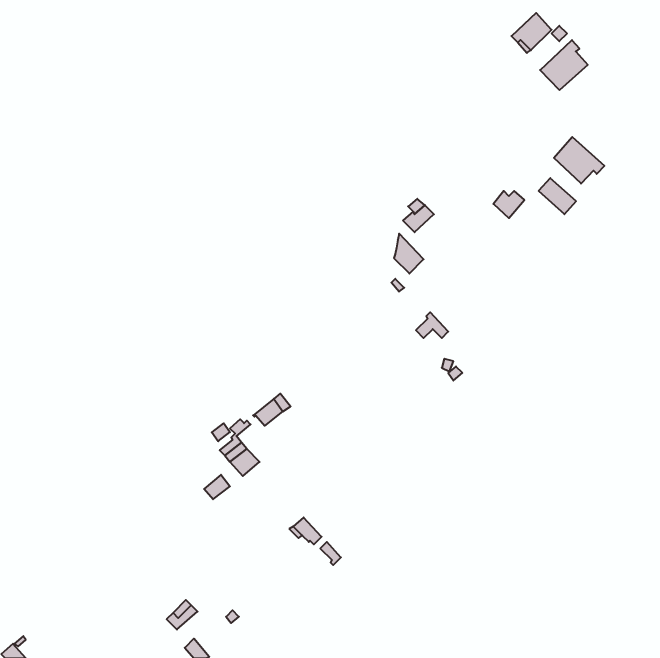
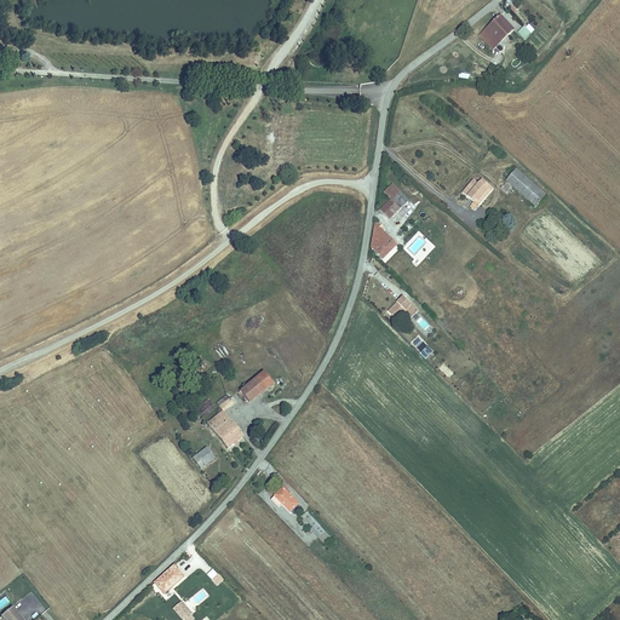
building: [540,40,588,90] -> none
building: [554,137,604,184] -> none

